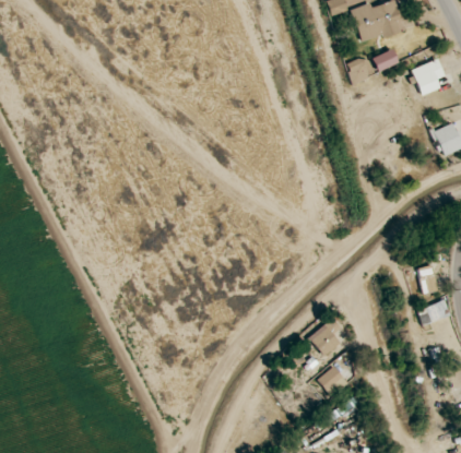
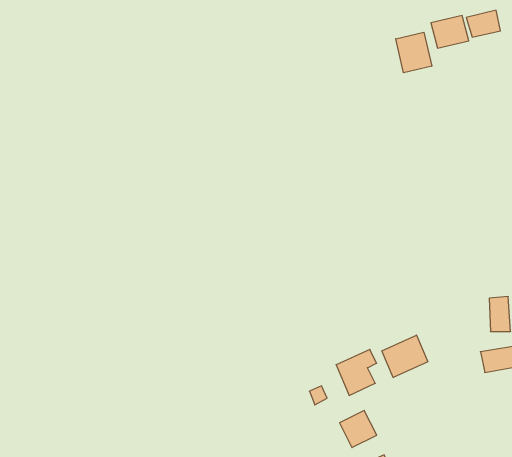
building: none -> [396,32,432,73]
building: none -> [382,335,428,378]

